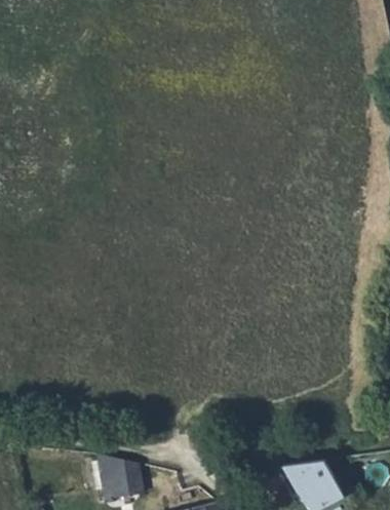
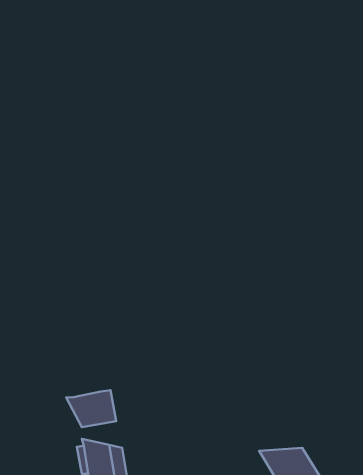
building: none -> [66,390,116,427]

